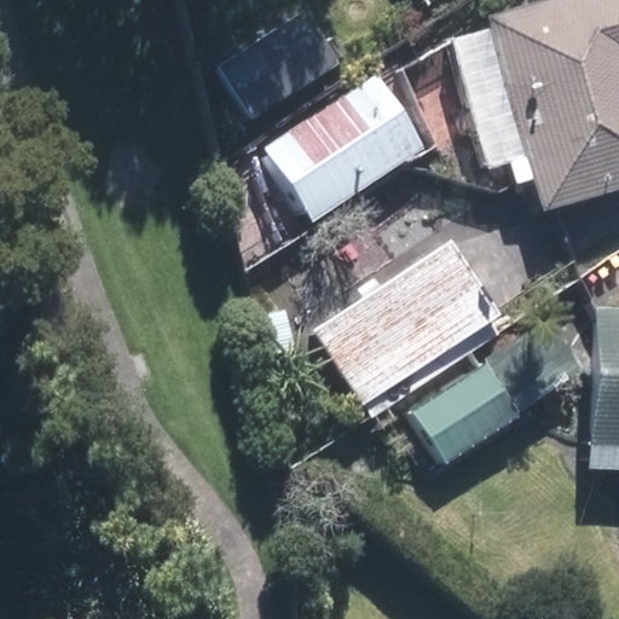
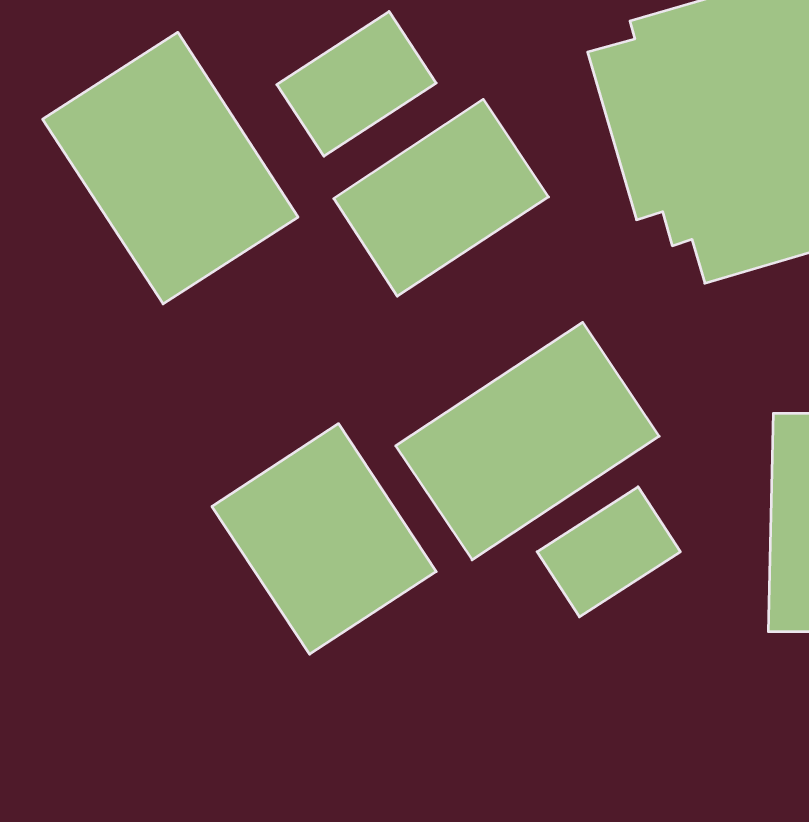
building: none -> [43,32,298,304]
building: none -> [212,424,436,654]

